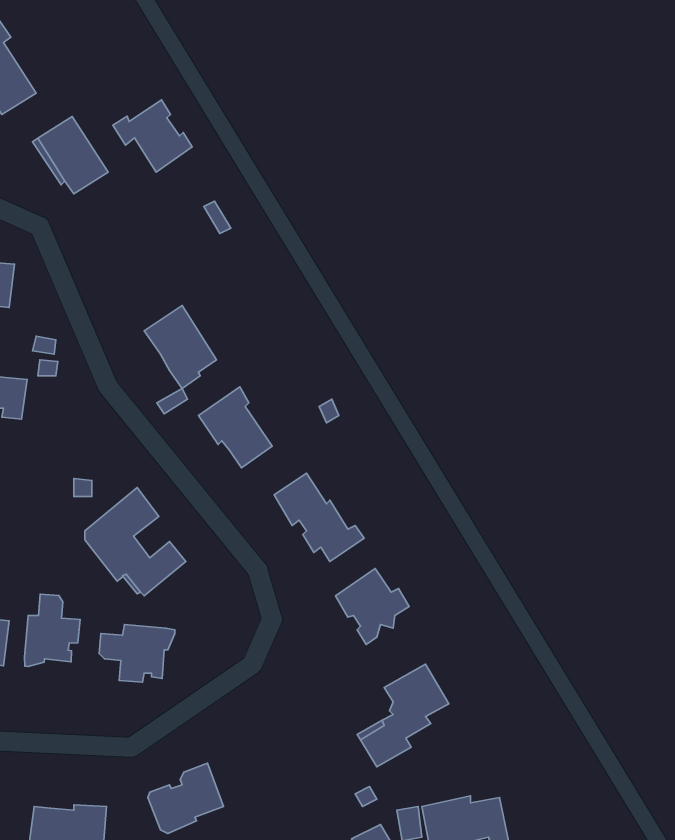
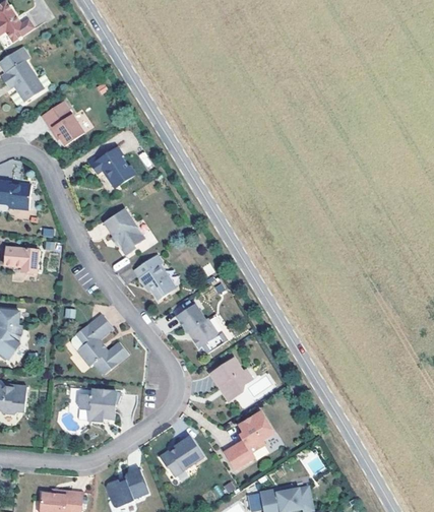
building: [113,100,192,172] -> [89,147,134,188]
building: [25,594,80,667] -> none
building: none -> [160,436,203,475]

